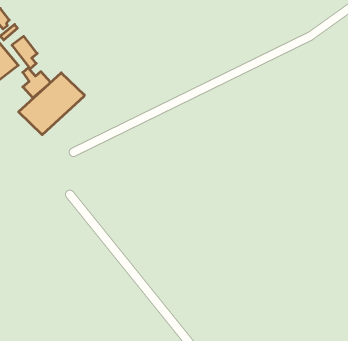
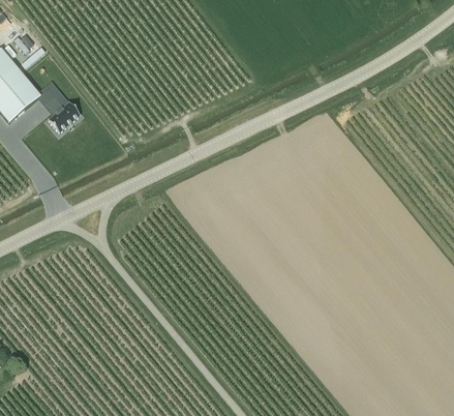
building: [19,73,84,135] -> none

